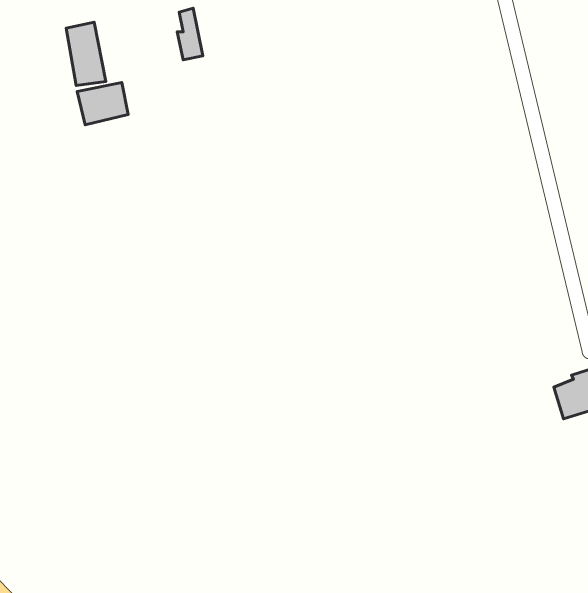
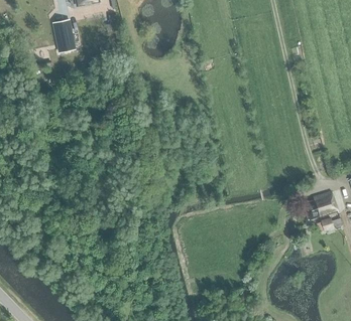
building: [77,82,128,125] -> none

